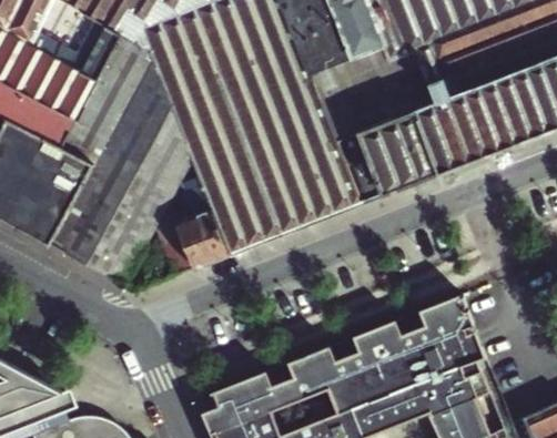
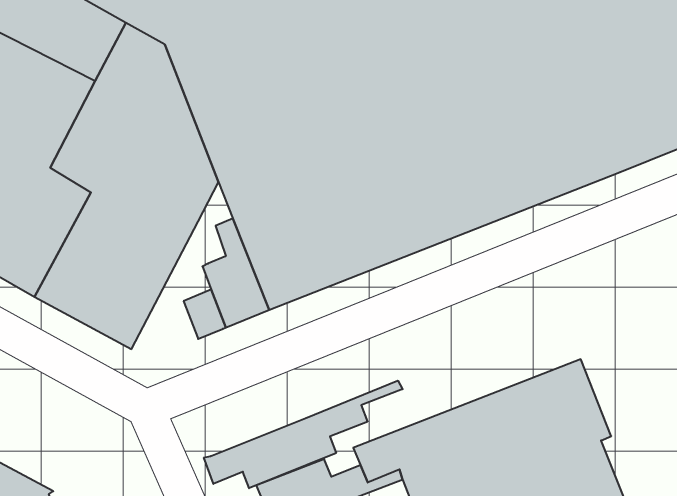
building: none -> [204,381,403,488]

